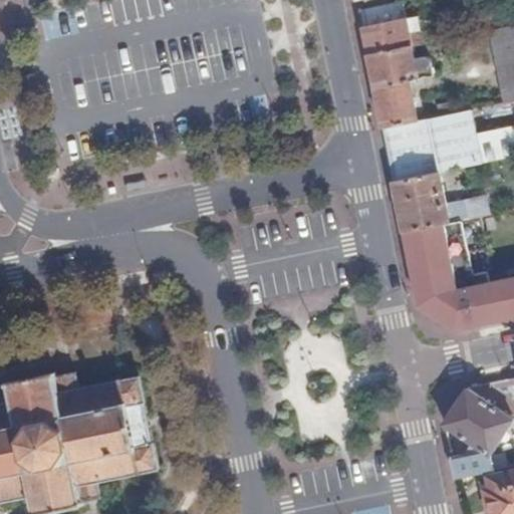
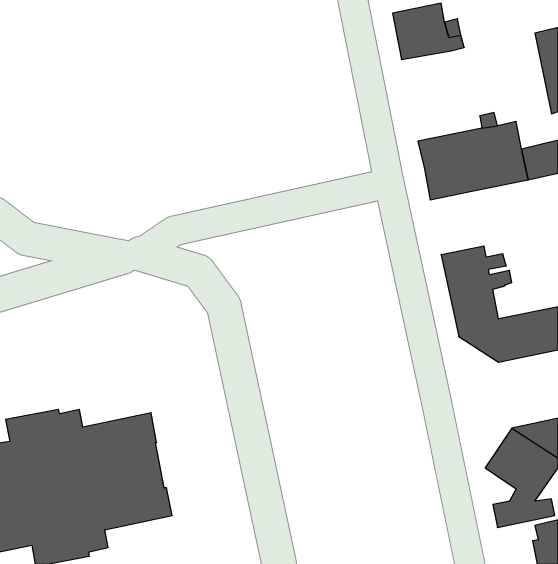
building: [365,46,428,128] -> none
building: [392,173,485,232] -> none

